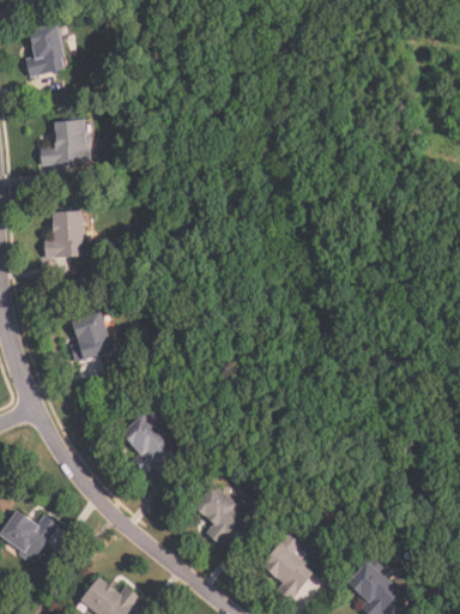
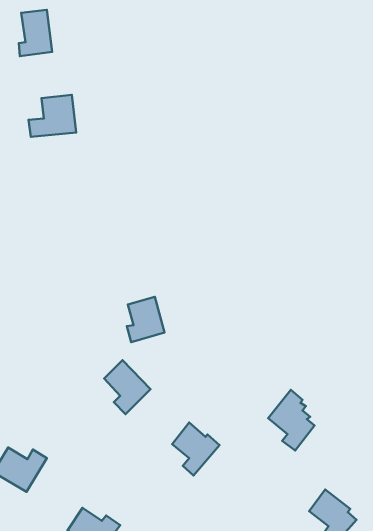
building: [44,212,83,257] -> none
building: [69,312,111,362] -> [127,297,165,342]
building: [262,531,314,598] -> [268,390,315,450]

